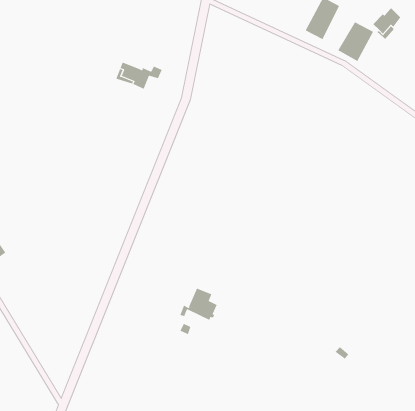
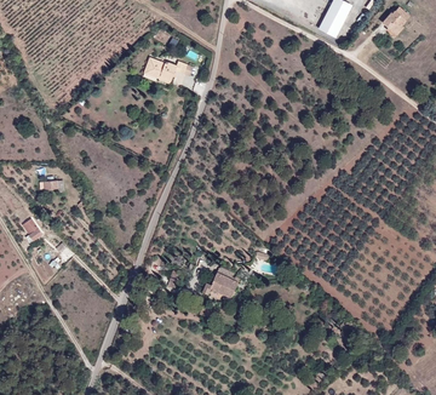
building: [338,21,374,62] -> none

